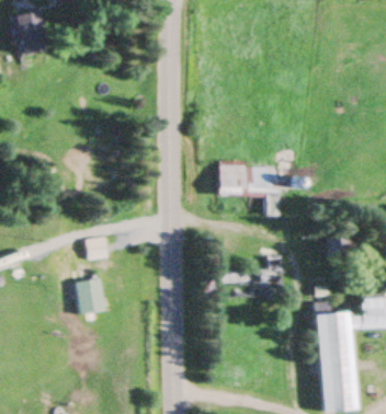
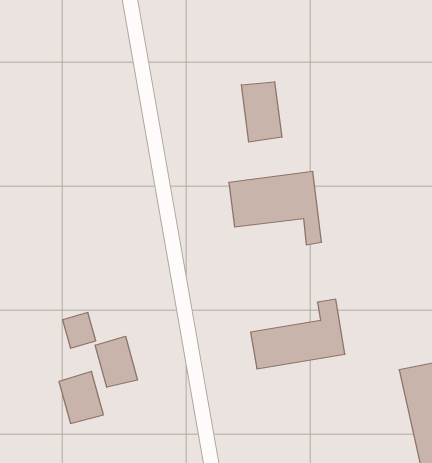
building: none -> [241,82,282,142]
building: none -> [95,336,137,387]

